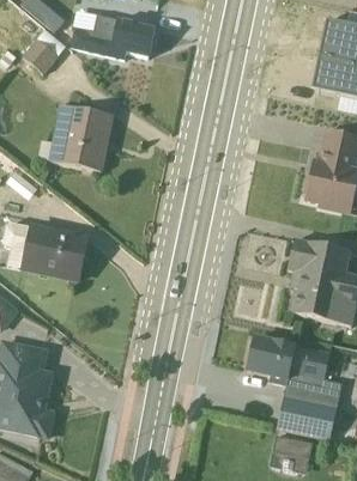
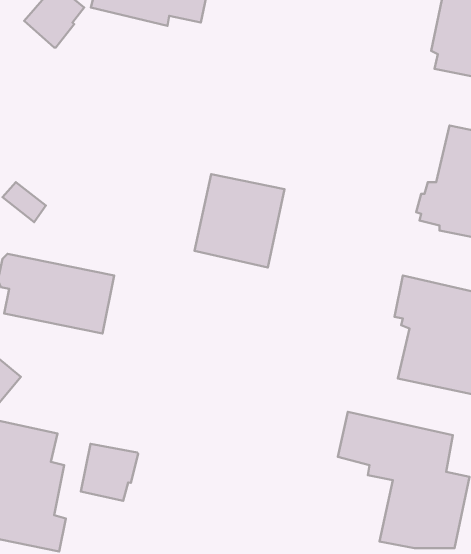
building: [49,104,114,171] -> [195,174,285,268]
building: none -> [81,444,138,501]

